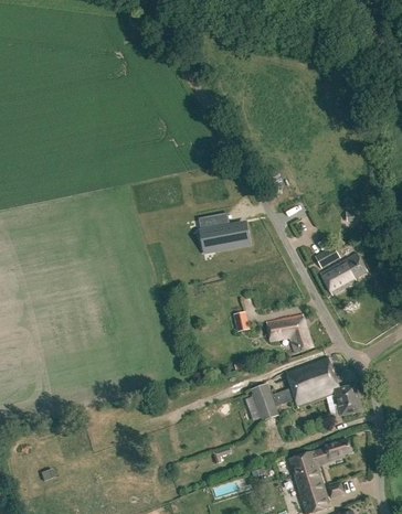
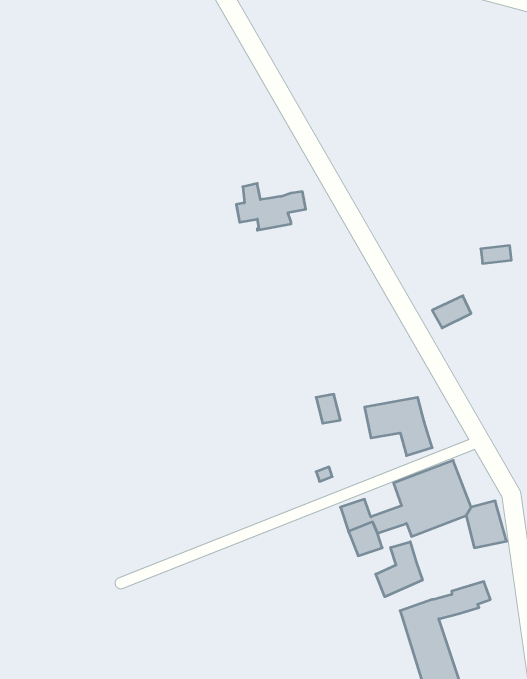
building: [200,217,247,249] -> [236,183,306,230]
building: [319,251,367,293] -> none
building: none -> [376,542,422,597]

